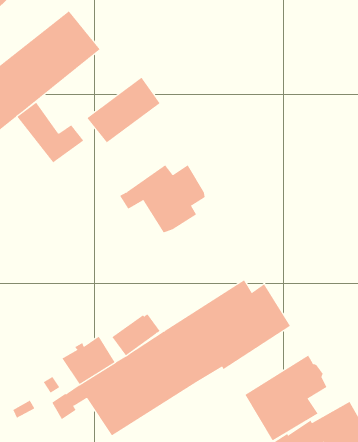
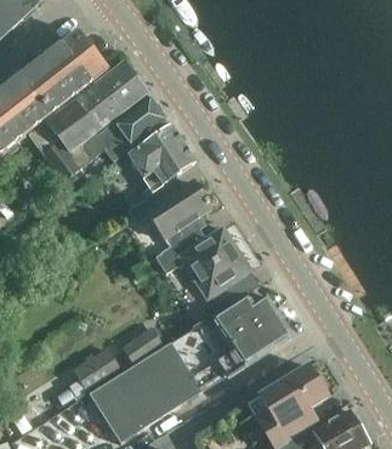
building: none -> [46,62,146,149]
building: none -> [126,125,195,206]
building: none -> [159,227,250,299]

